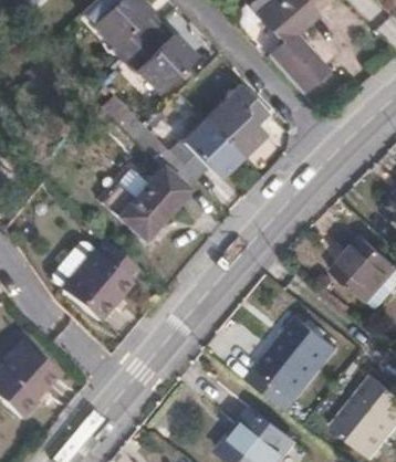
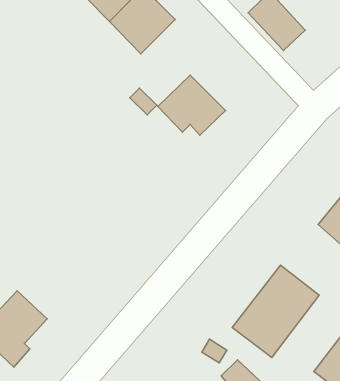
building: [206,87,263,155] -> none
building: [103,165,187,237] -> none
building: [60,240,137,318] -> none

